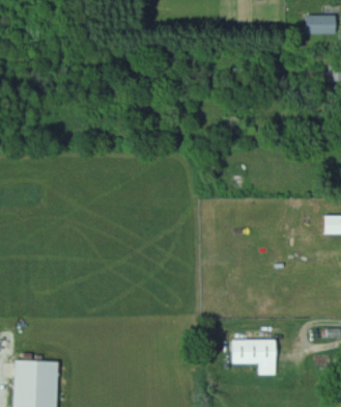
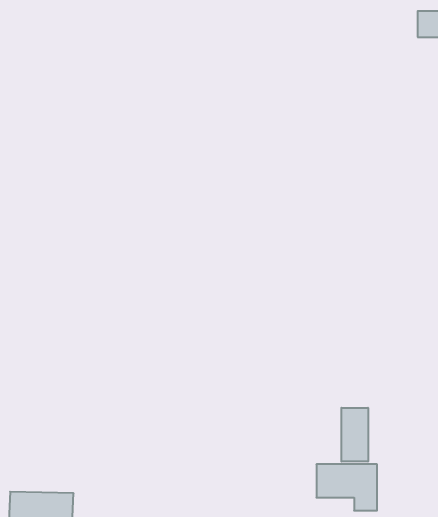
building: none -> [341,408,368,462]

